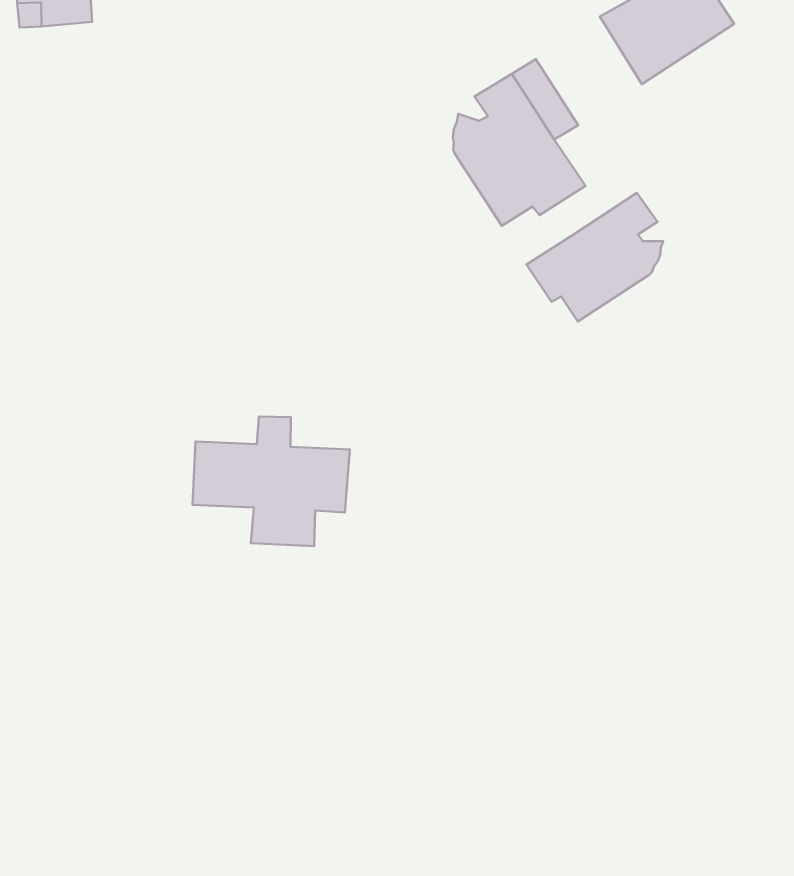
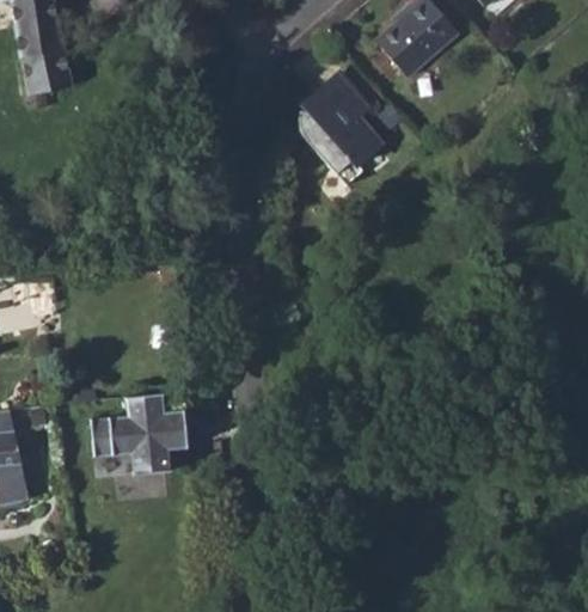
building: [526,193,663,321] -> none
building: [192,417,350,546] -> [88,400,184,479]

